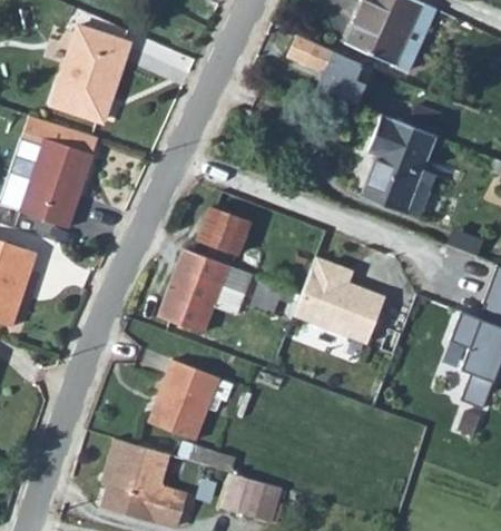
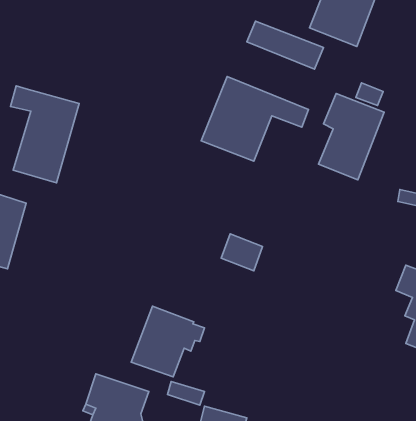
building: [43,20,120,116] -> none
building: none -> [201,76,308,161]
building: [202,206,253,253] -> none
building: [159,248,253,335] -> none
building: [294,258,385,346] -> none

